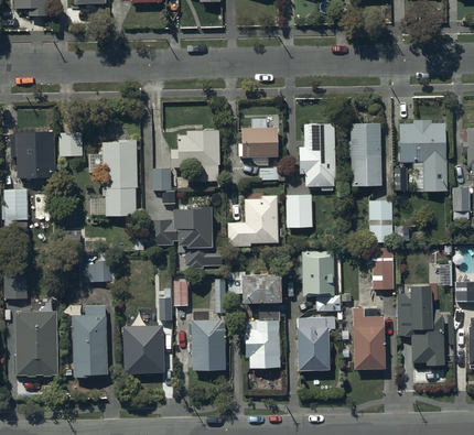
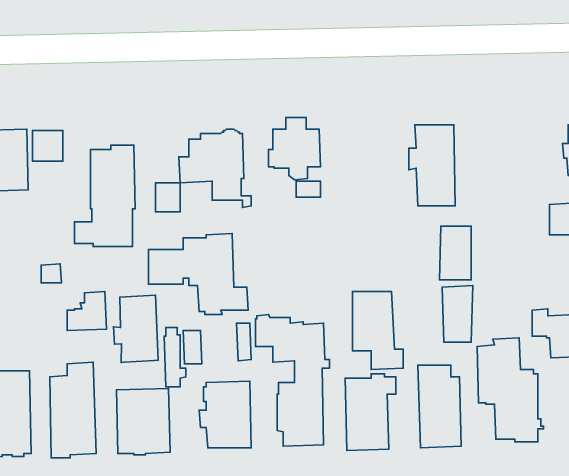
building: [397,116,444,186] -> none
building: [303,124,335,184] -> none
building: [287,189,312,229] -> none
building: [227,195,278,247] -> none
building: none -> [113,295,158,362]

